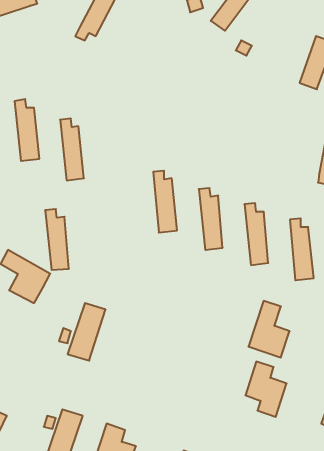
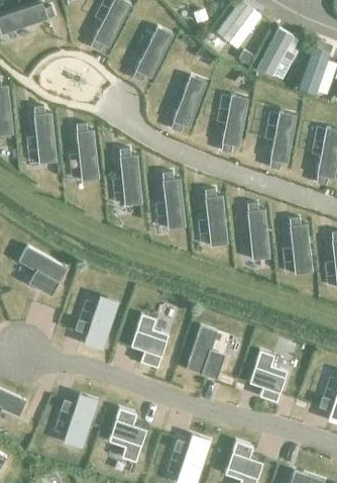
building: none -> [131,25,172,81]
building: none -> [257,28,294,76]
building: none -> [170,76,205,132]
building: none -> [220,96,247,153]
building: none -> [268,112,296,170]
building: [45,209,69,270] -> [118,149,140,205]
building: [248,301,290,357] -> [185,325,223,378]
building: none -> [129,313,167,367]

